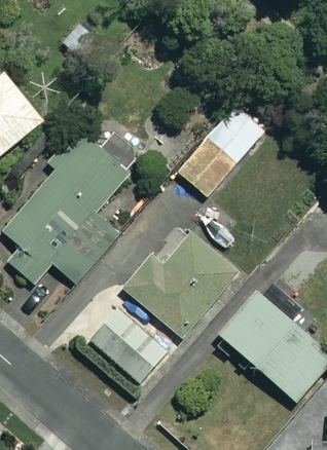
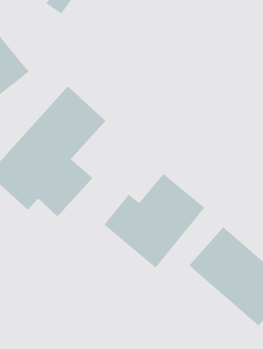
building: [179,106,265,197] -> none
building: [88,307,171,385] -> none

